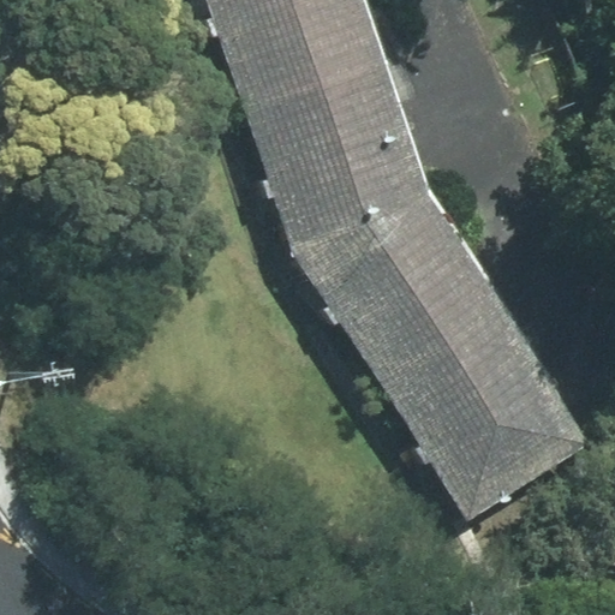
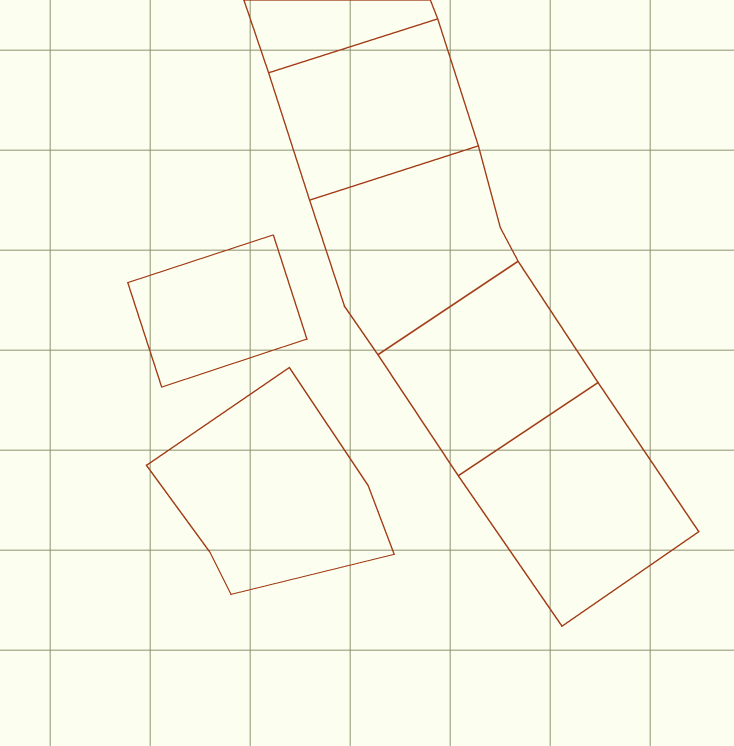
building: none -> [128,235,307,387]
building: none -> [146,367,394,595]

